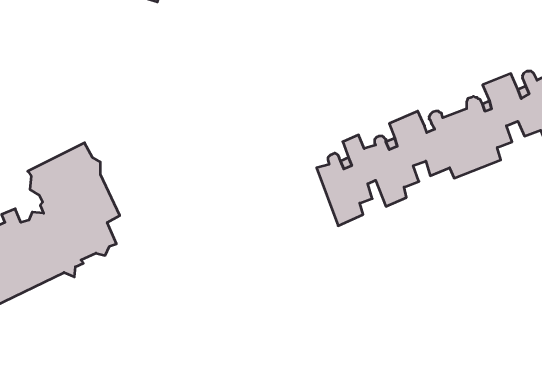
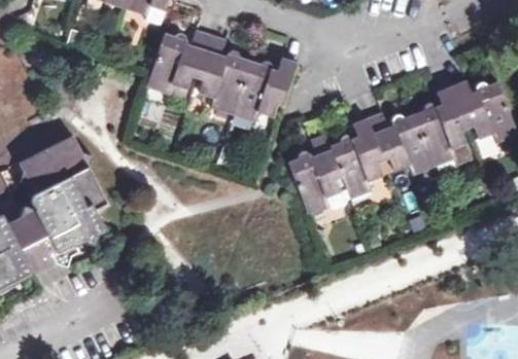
building: none -> [144,27,293,118]

